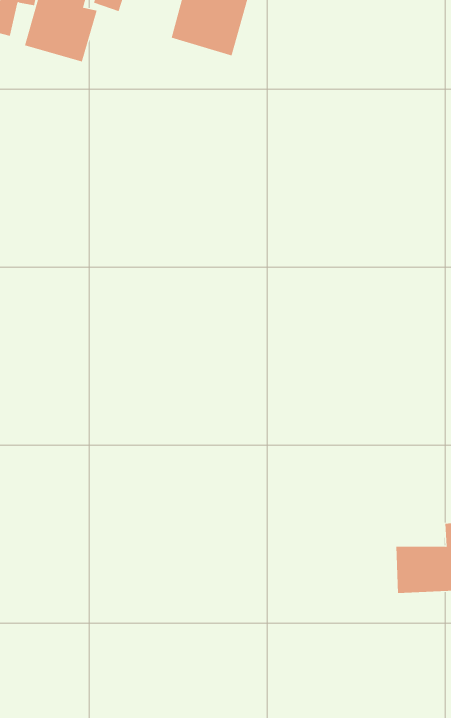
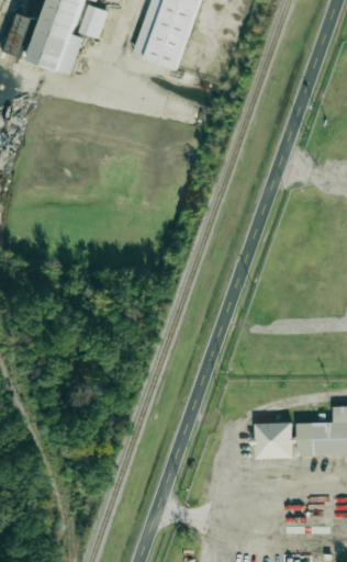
building: none -> [254,422,292,458]

